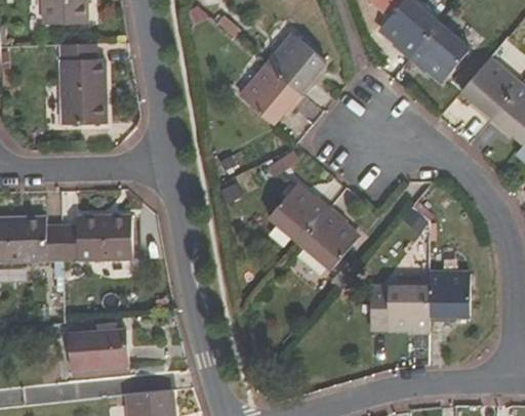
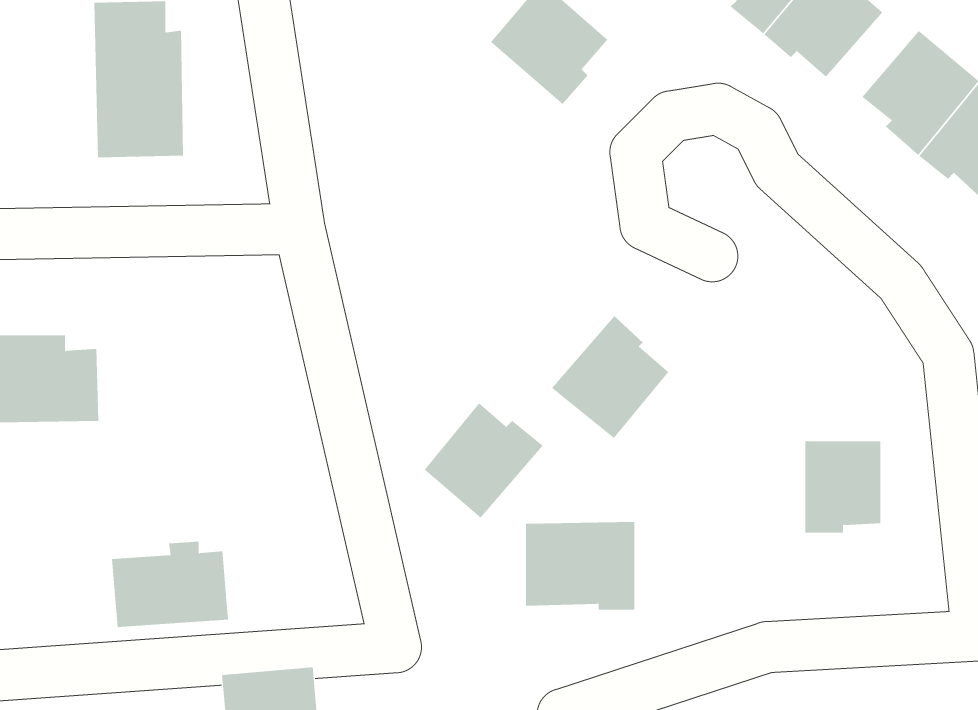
building: [238,64,304,125] -> none
building: [268,183,330,244] -> [424,403,544,518]
building: [60,213,132,261] -> none
building: [372,287,430,333] -> [525,522,635,610]

